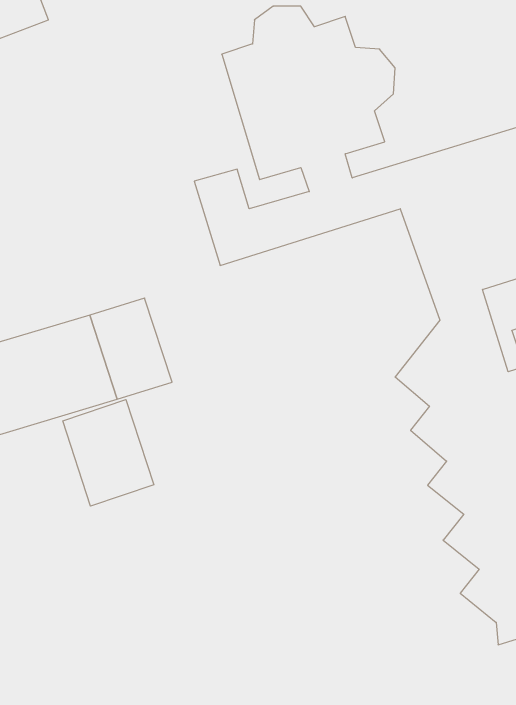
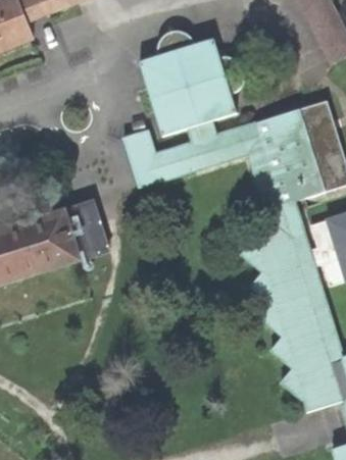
building: [63,400,154,506] -> none

